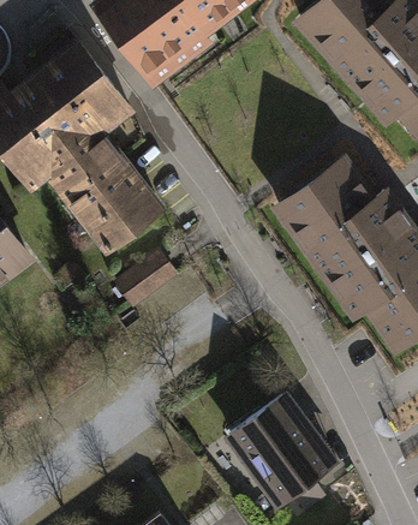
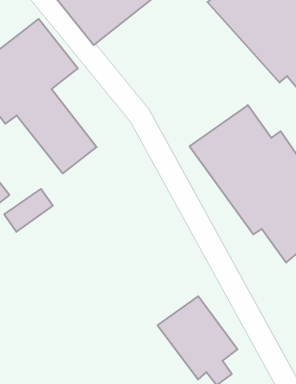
building: [121,251,184,306] -> [4,189,53,232]

